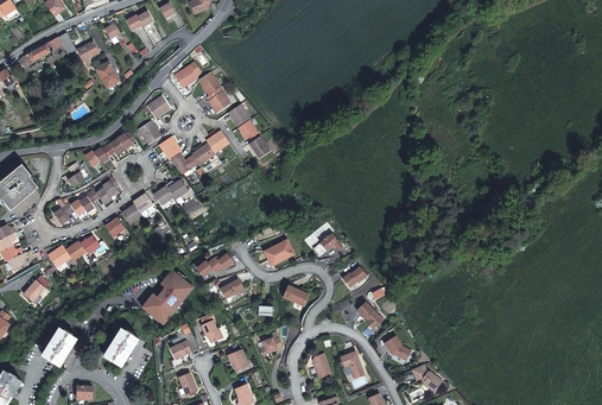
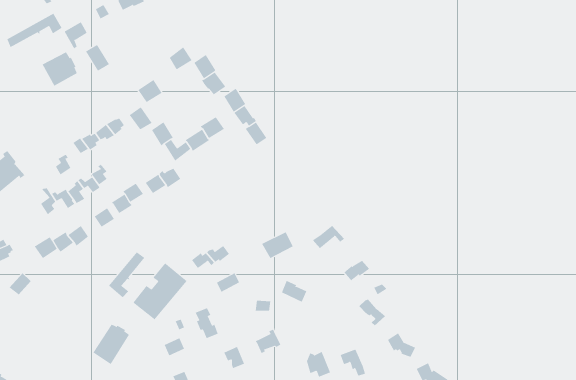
building: none -> [42,52,78,86]
building: none -> [108,252,145,298]
building: [40,327,75,366] -> none

